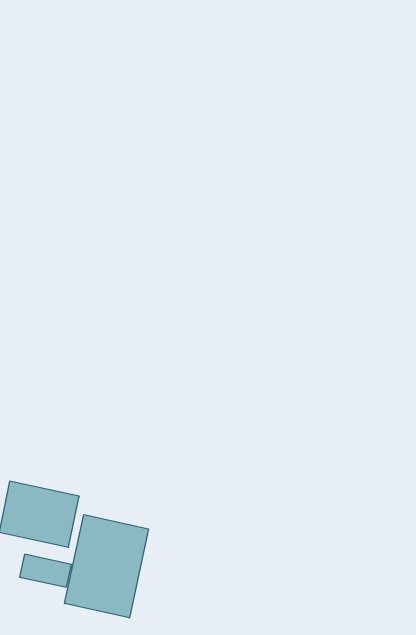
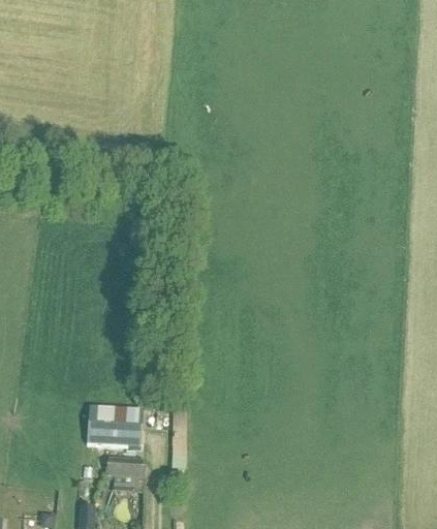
building: [65,515,149,618] -> none

